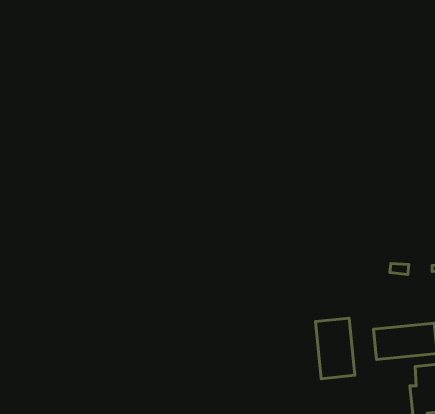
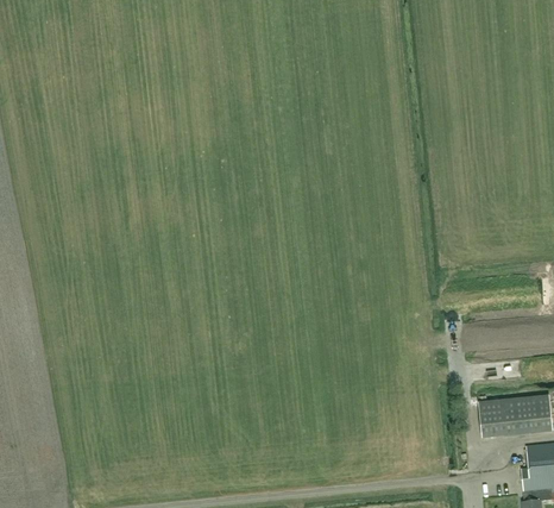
building: [315,318,355,379] -> none

